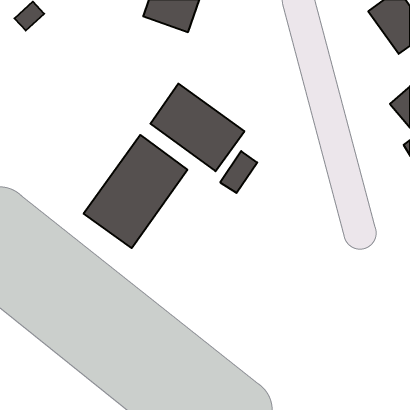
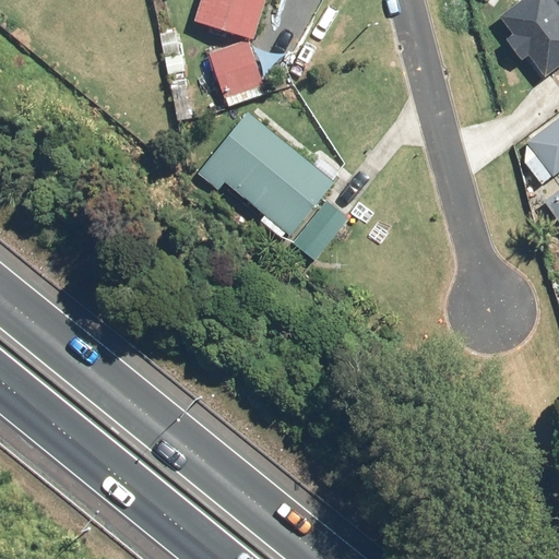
building: none -> [213,46,267,100]
building: [84,135,187,248] -> none

